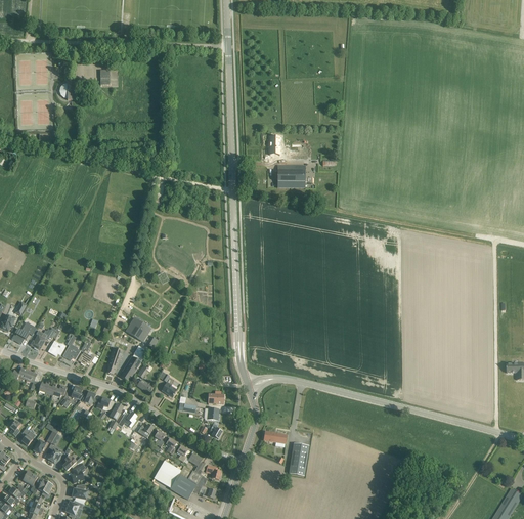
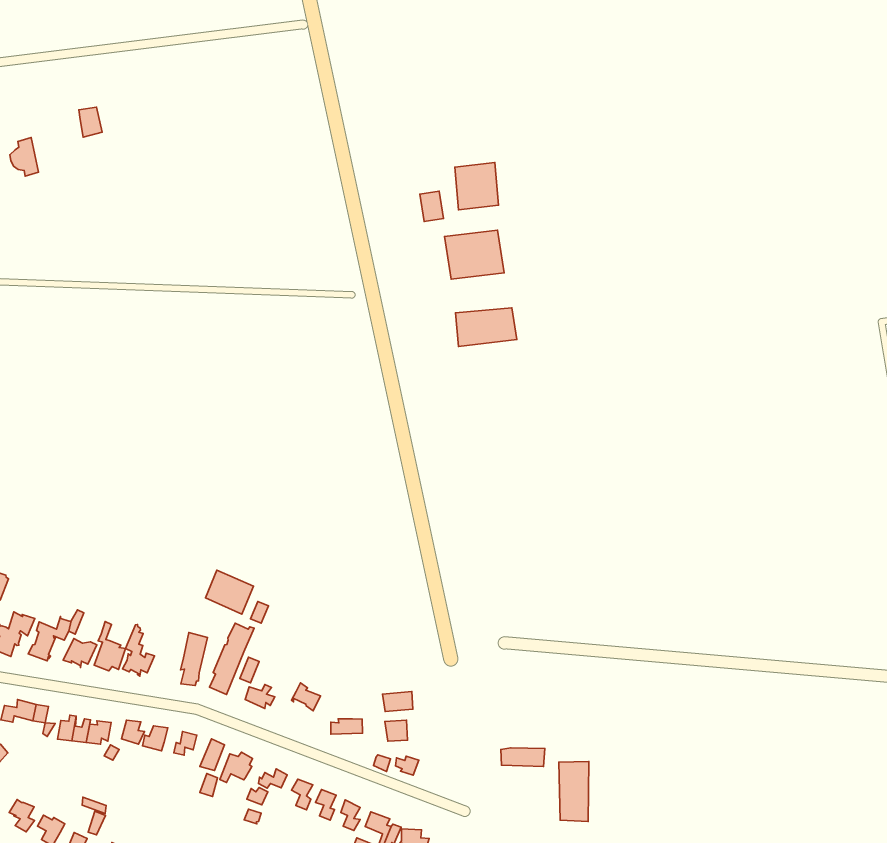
building: none -> [455,162,499,210]
building: none -> [455,308,517,346]

